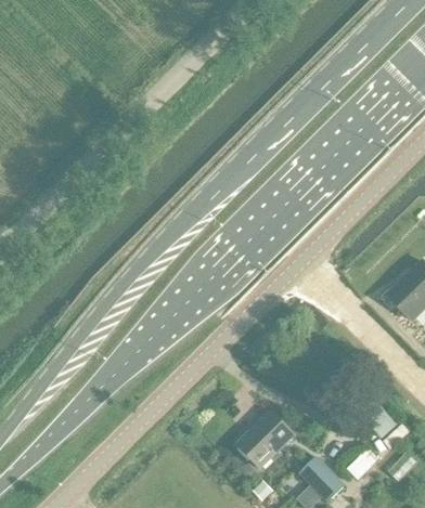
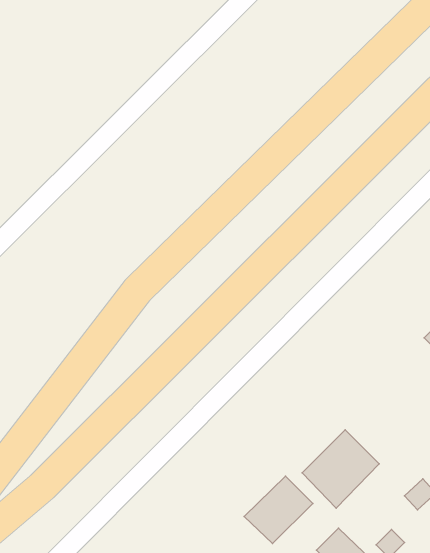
building: none -> [302,430,379,508]

